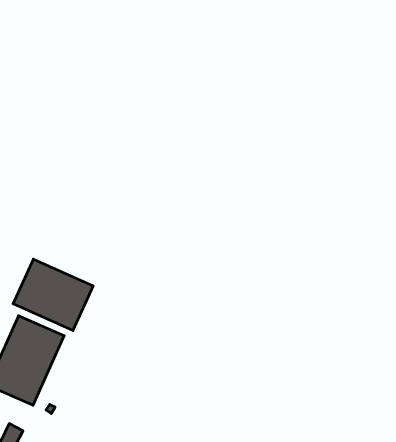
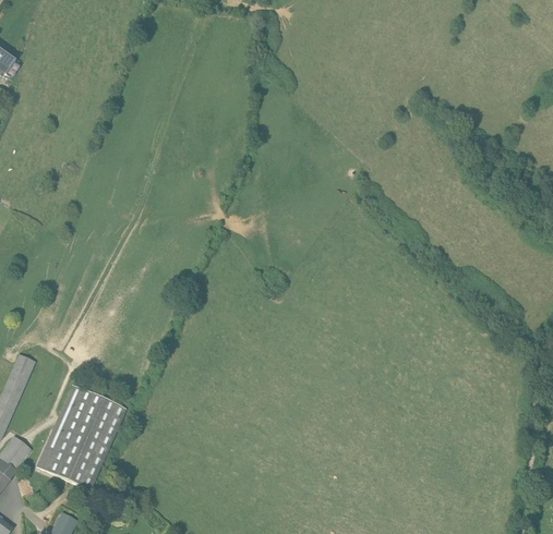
building: [13,259,93,331] -> none

